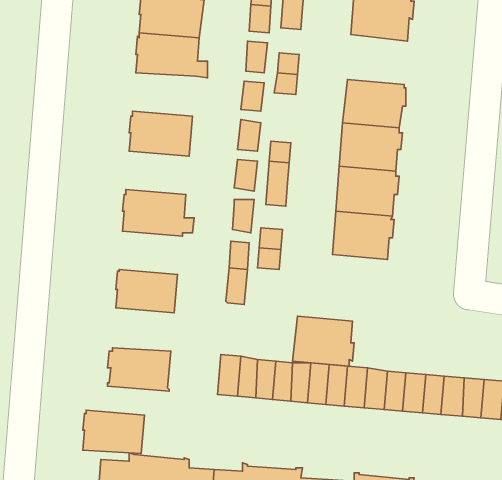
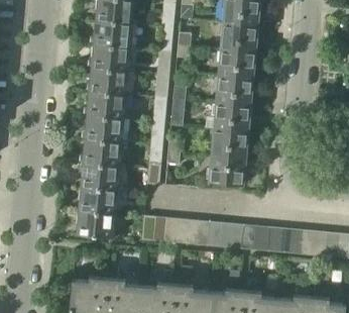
building: none -> [222,22,260,53]
building: none -> [92,45,130,72]
building: none -> [88,93,126,119]
building: none -> [84,141,122,168]
building: [293,316,354,366] -> [210,155,247,186]
building: [83,410,145,453] -> [80,188,117,214]

